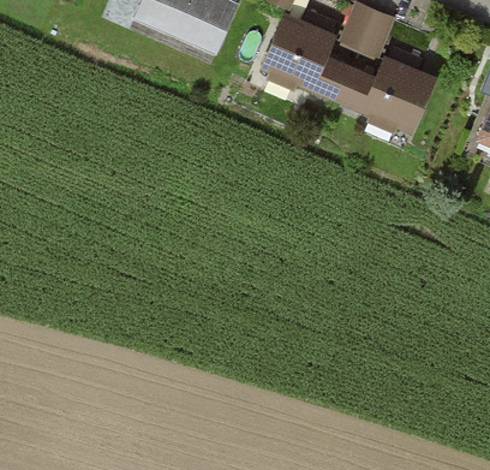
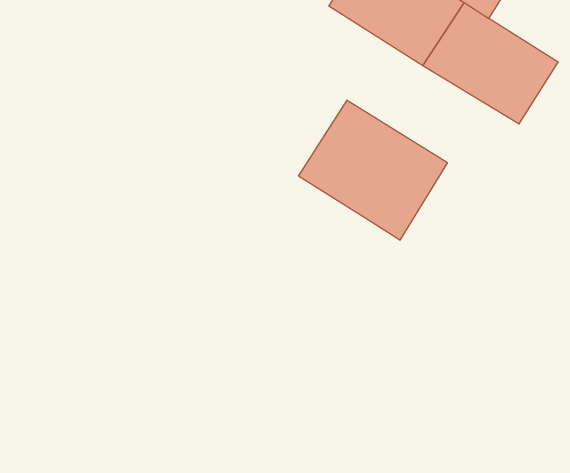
building: none -> [299,100,447,240]

